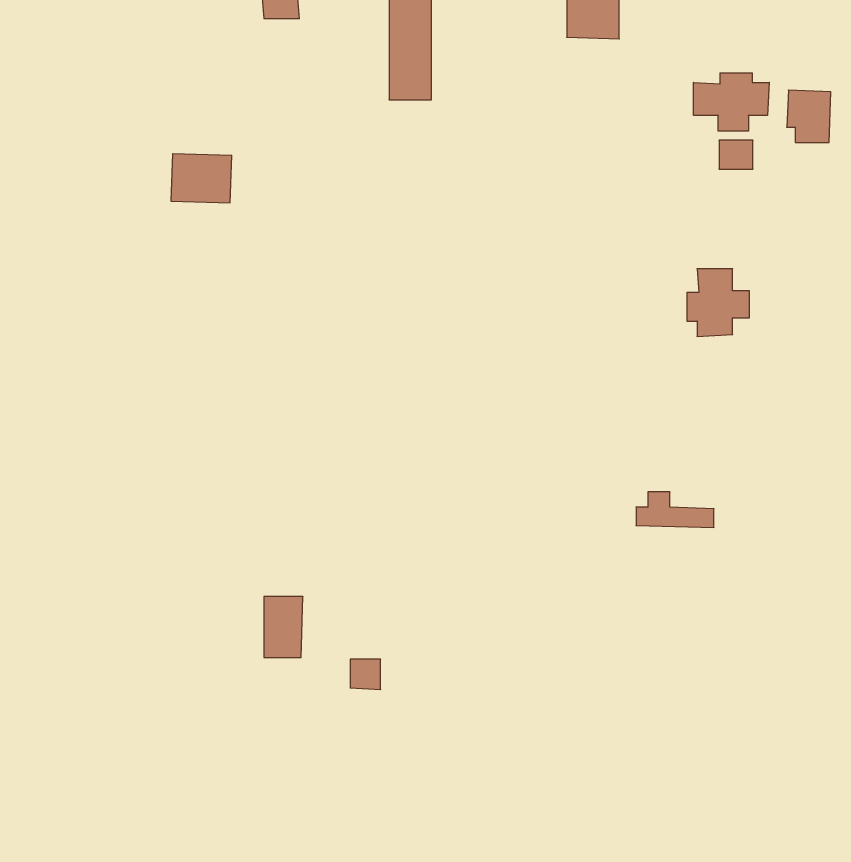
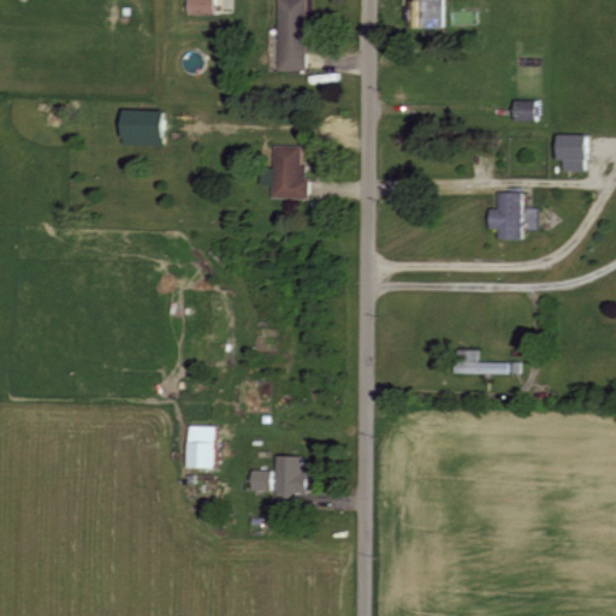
building: [694,73,769,131] -> none
building: [787,90,831,142] -> [556,134,587,171]
building: none -> [271,144,307,197]
building: none -> [273,455,309,507]

